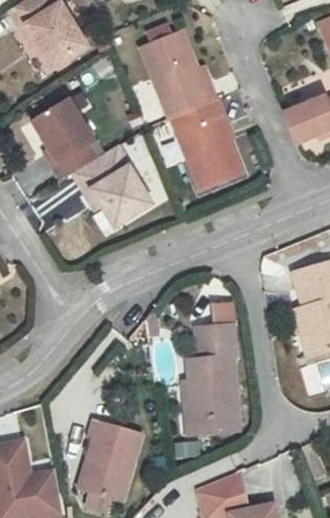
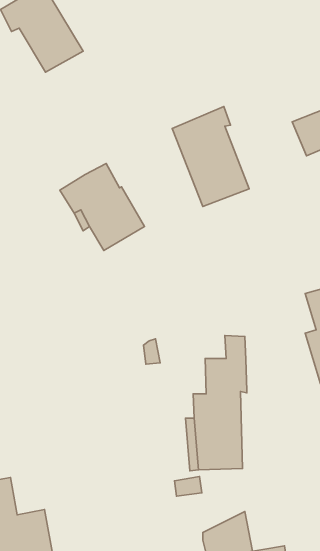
building: [139,30,219,120] -> none
building: [30,100,91,182] -> none
building: [80,419,142,498] -> none

